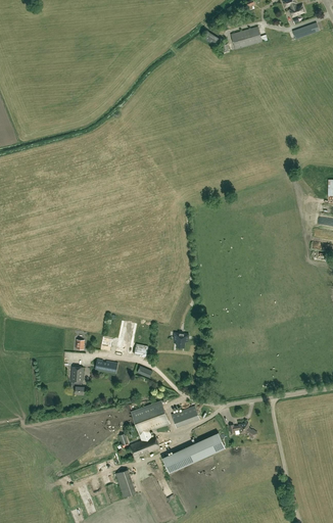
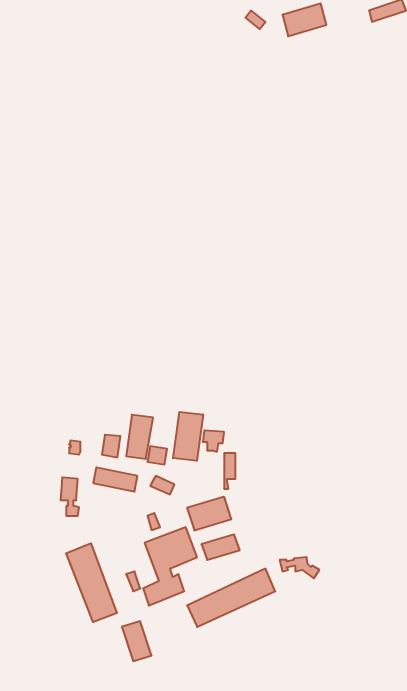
building: none -> [173,412,203,461]
building: none -> [187,497,231,531]
building: none -> [66,543,117,622]

